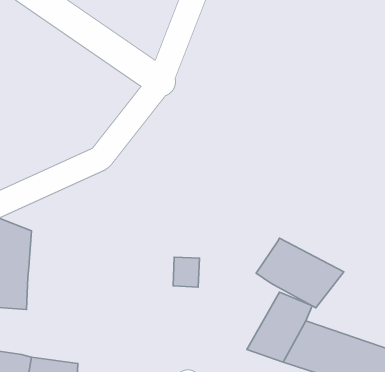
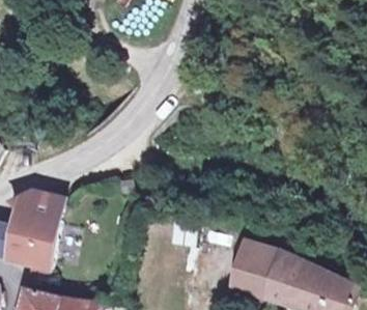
building: [256,238,344,308] -> none

